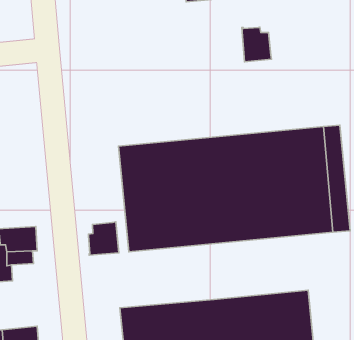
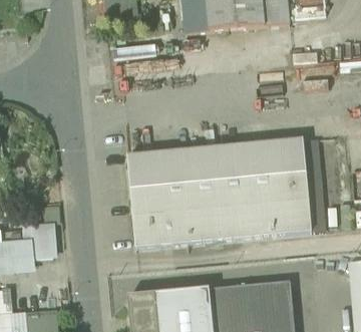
building: [242,27,271,62] -> none
building: [88,222,119,255] -> none

